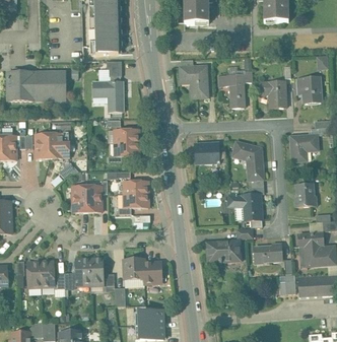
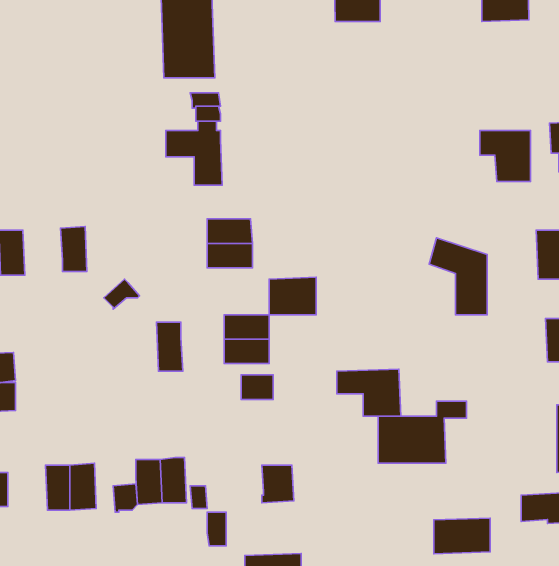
building: [180,65,208,97] -> none
building: [218,70,252,108] -> none
building: [7,71,66,100] -> none
building: [49,133,69,157] -> none
building: [197,141,222,161] -> [269,277,316,315]
building: [72,185,88,212] -> none
building: [231,193,266,218] -> [337,369,401,416]
building: [256,244,286,263] -> [434,518,490,554]
building: [124,258,144,279] -> none

